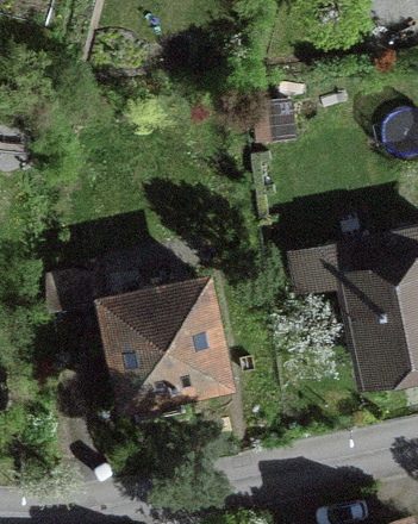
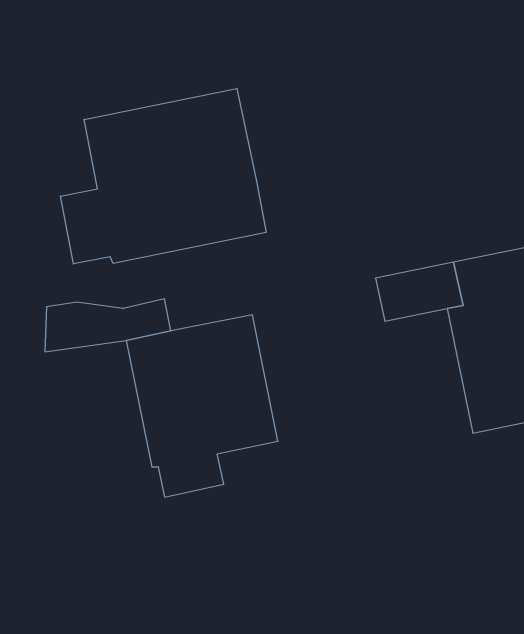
building: none -> [61,88,266,264]

